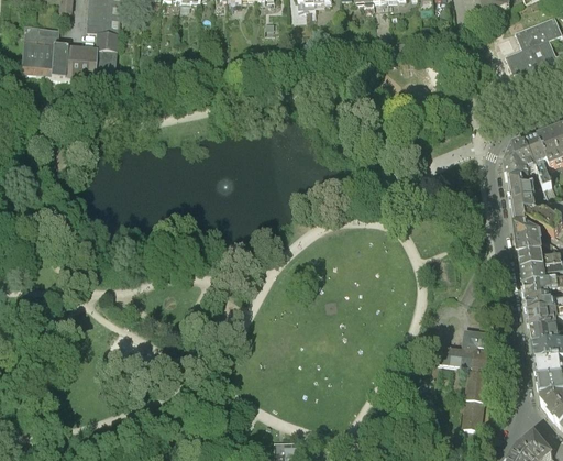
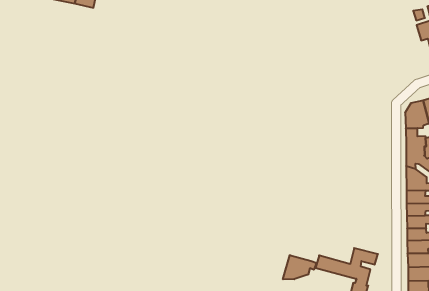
building: none -> [283,255,317,279]

